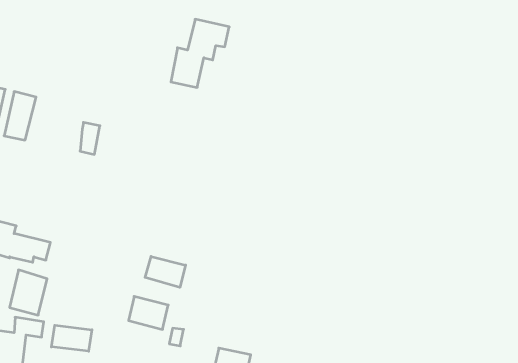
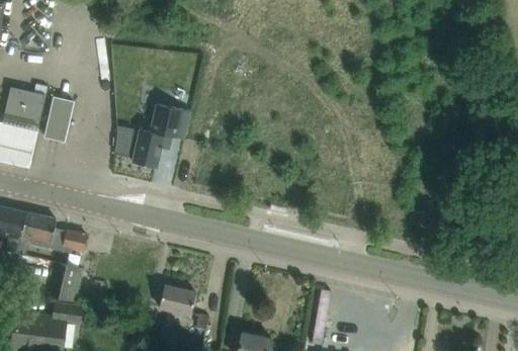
building: [171,19,229,87] -> [133,105,186,168]
building: [145,256,186,287] -> none
building: [51,325,92,351] -> none

